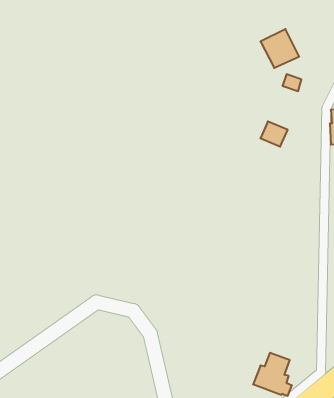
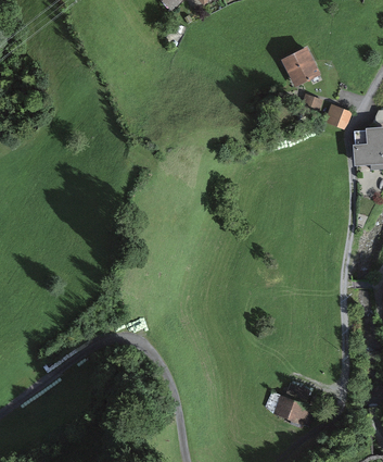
building: [260,121,288,147] -> [323,103,352,129]

